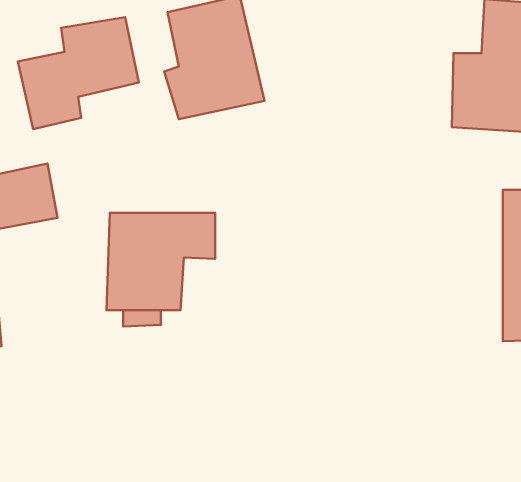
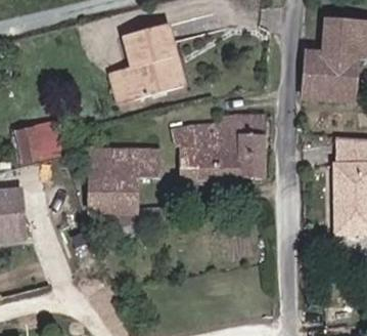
building: [18,17,139,129] -> none
building: none -> [177,118,269,179]

